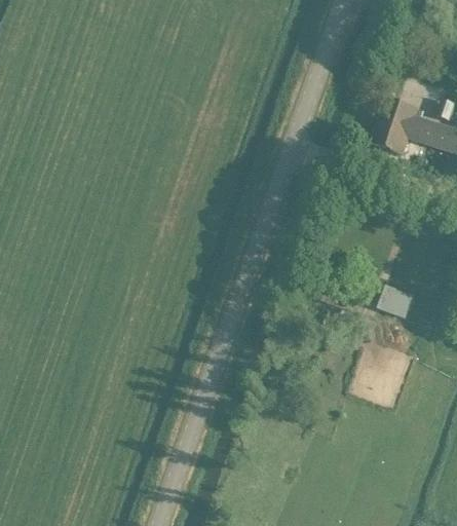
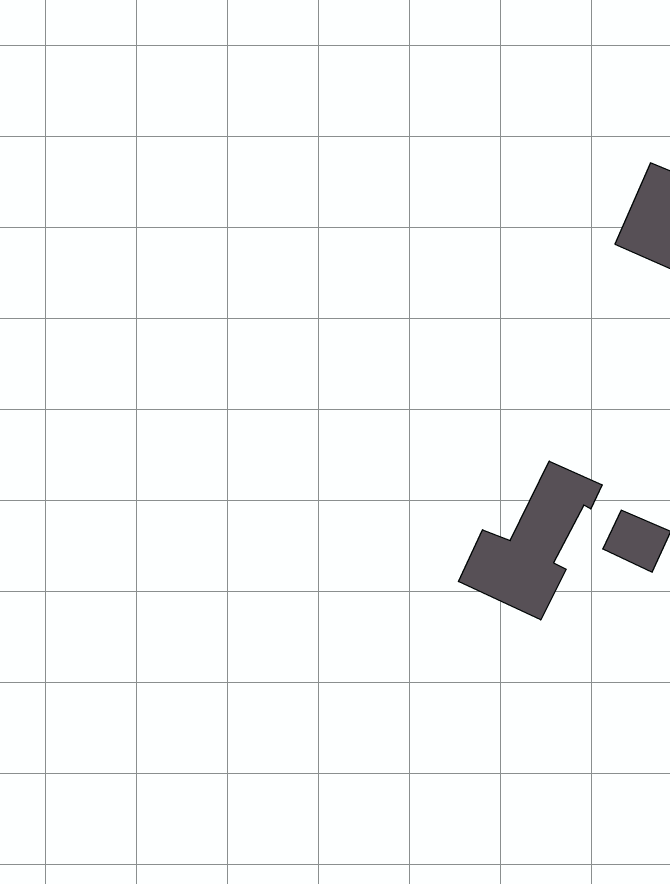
building: none -> [459,461,602,620]

